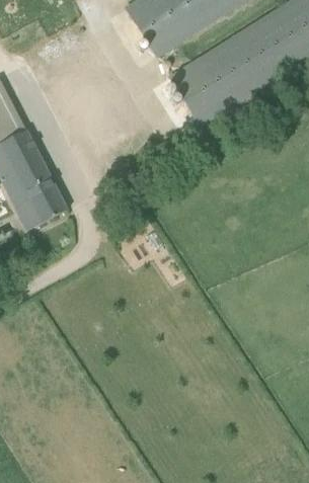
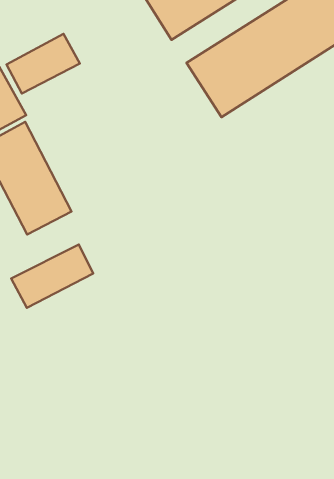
building: none -> [6,34,80,94]
building: none -> [11,245,93,308]

